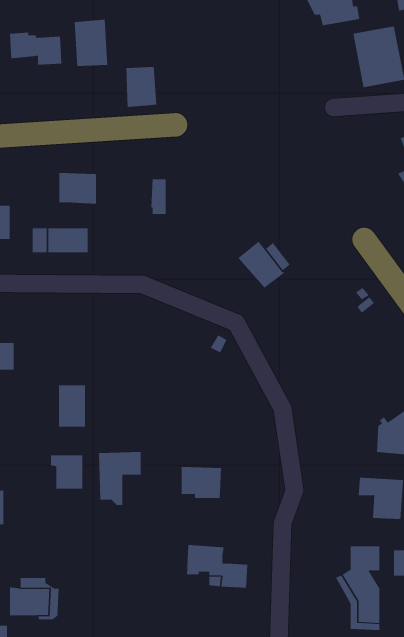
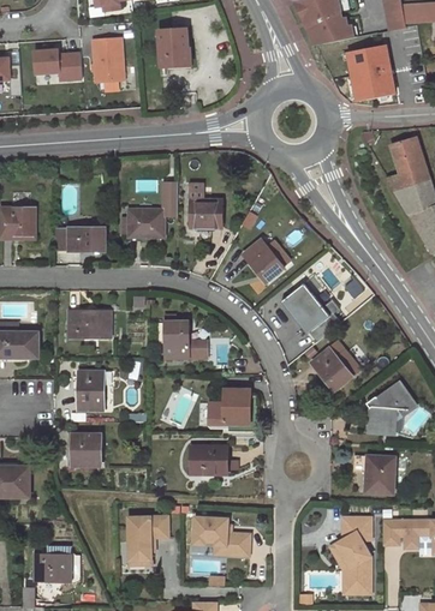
building: [126,67,157,108] -> [160,28,189,65]
building: [59,172,97,204] -> [129,208,163,236]
building: none -> [191,198,221,228]
building: none -> [285,282,339,335]
building: none -> [67,310,109,336]
building: none -> [165,313,205,358]
building: none -> [310,341,360,390]
building: none -> [224,390,266,421]
building: [98,451,142,506] -> [129,514,168,563]

